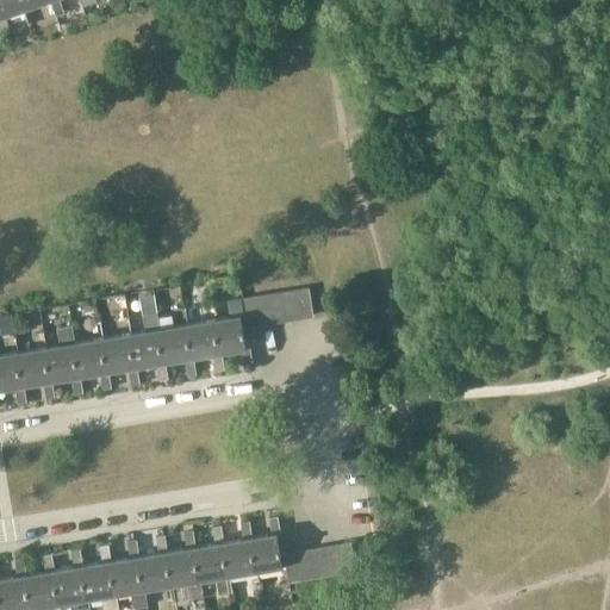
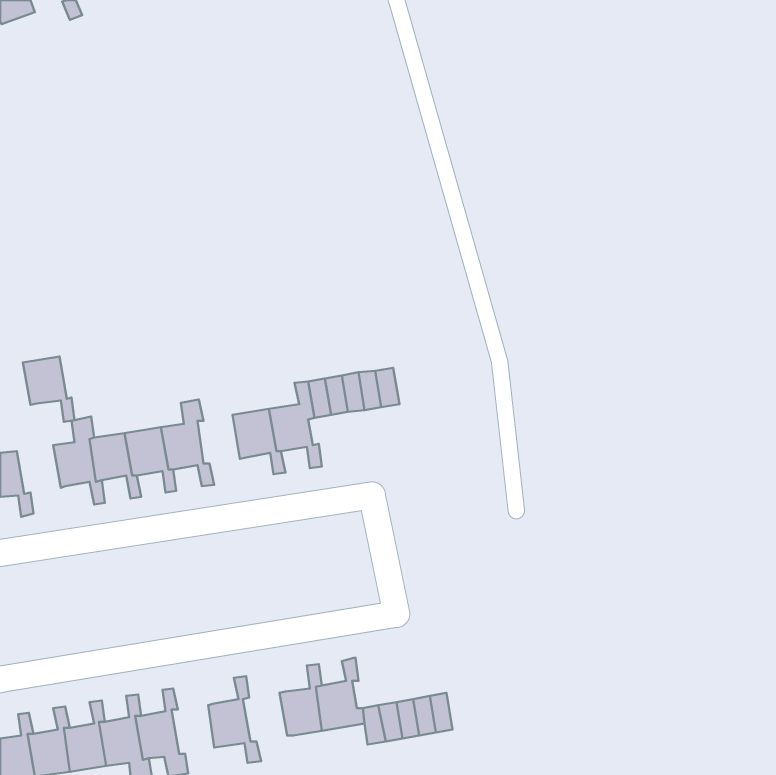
building: [155,326,195,378] -> none
building: [13,350,54,402] -> [23,356,75,422]
building: [191,527,232,596] -> none
building: [135,536,168,592] -> none

